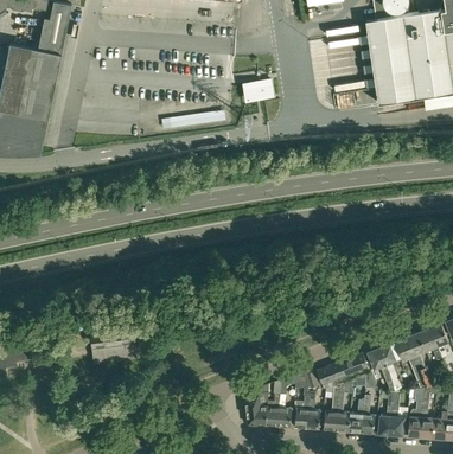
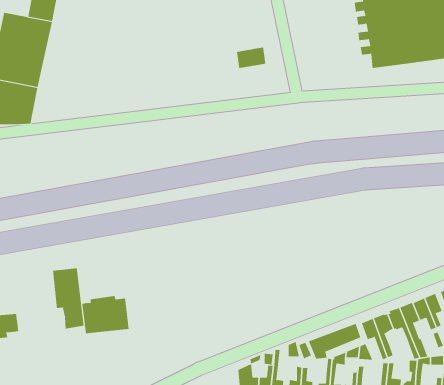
building: none -> [53,267,84,330]

